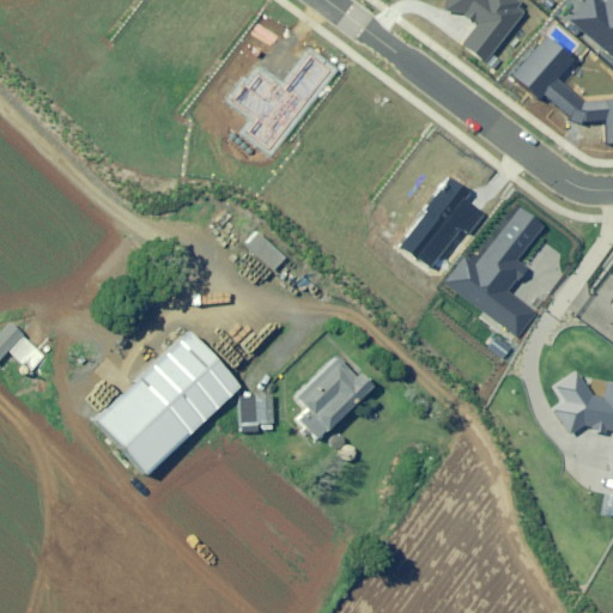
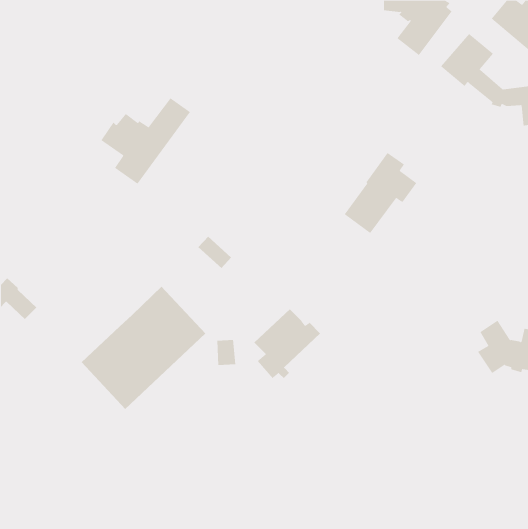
building: [229,51,333,152] -> [101,98,191,185]
building: [443,202,544,335] -> none
building: [244,231,284,269] -> [198,236,232,269]

